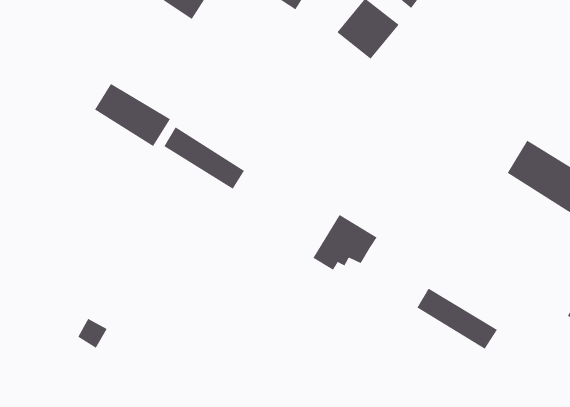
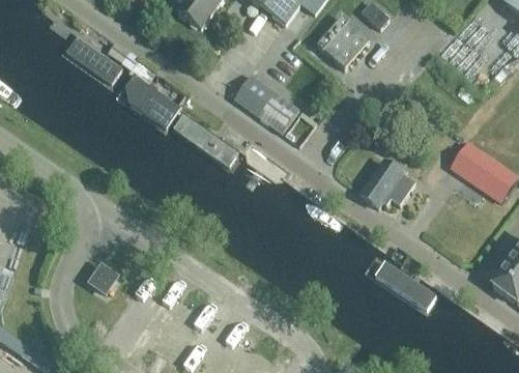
building: none -> [61,35,123,86]
building: none -> [235,76,300,135]
building: [312,214,377,271] -> [362,163,415,208]

